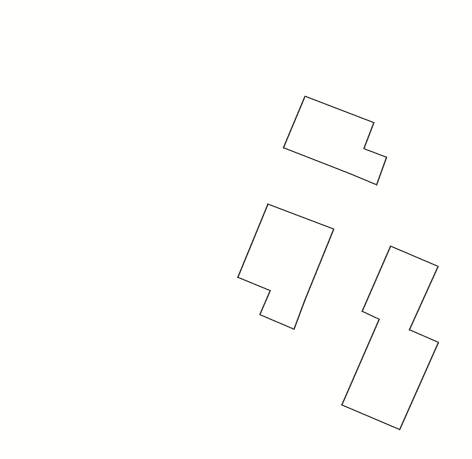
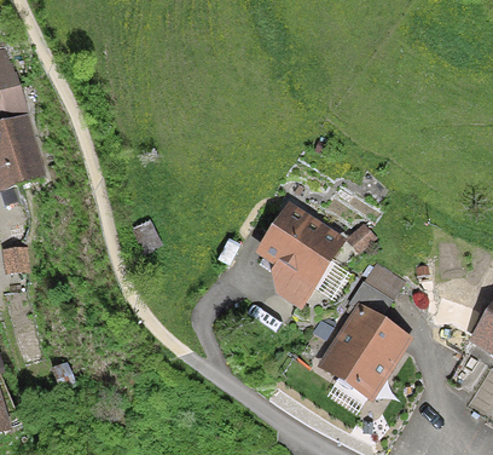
building: [284,96,386,185] -> none

